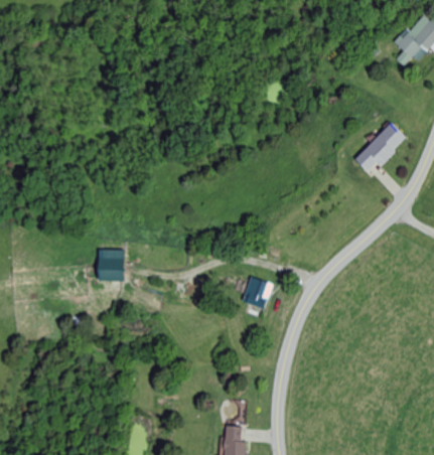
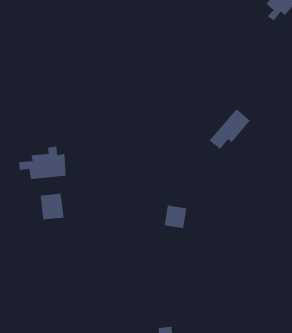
building: [353,122,408,171] -> [209,108,251,150]
building: none -> [19,146,66,180]

